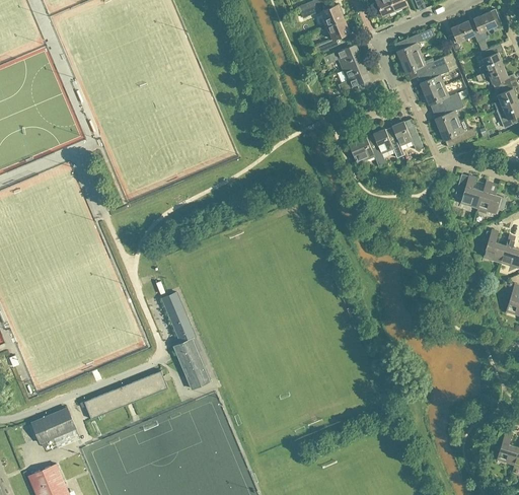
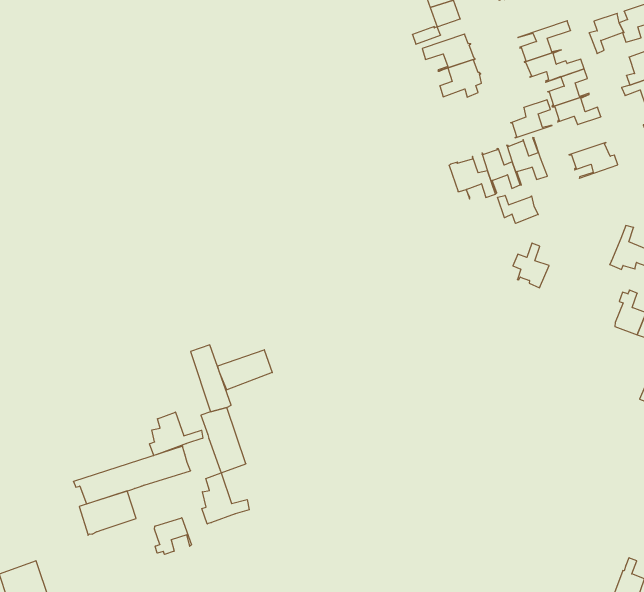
building: [435,99,466,130] -> [511,100,552,138]
building: none -> [498,195,538,223]
building: [455,174,483,208] -> [513,243,549,288]
building: none -> [218,350,272,390]
building: none -> [150,412,203,456]
building: none -> [202,473,249,524]
building: [31,408,75,443] -> [79,491,136,535]
building: none -> [155,518,191,554]

